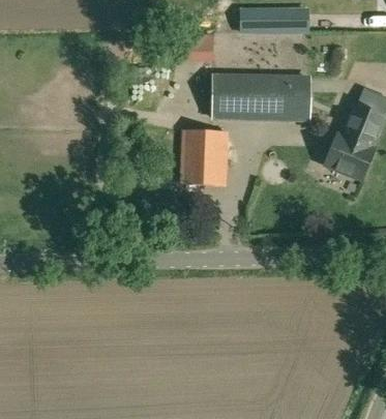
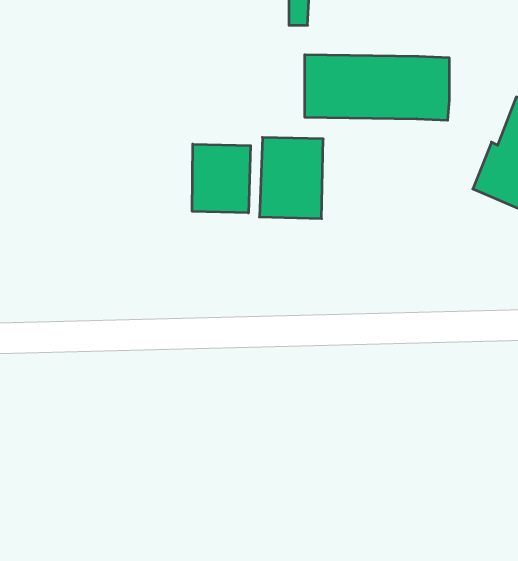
building: none -> [192,144,251,213]

